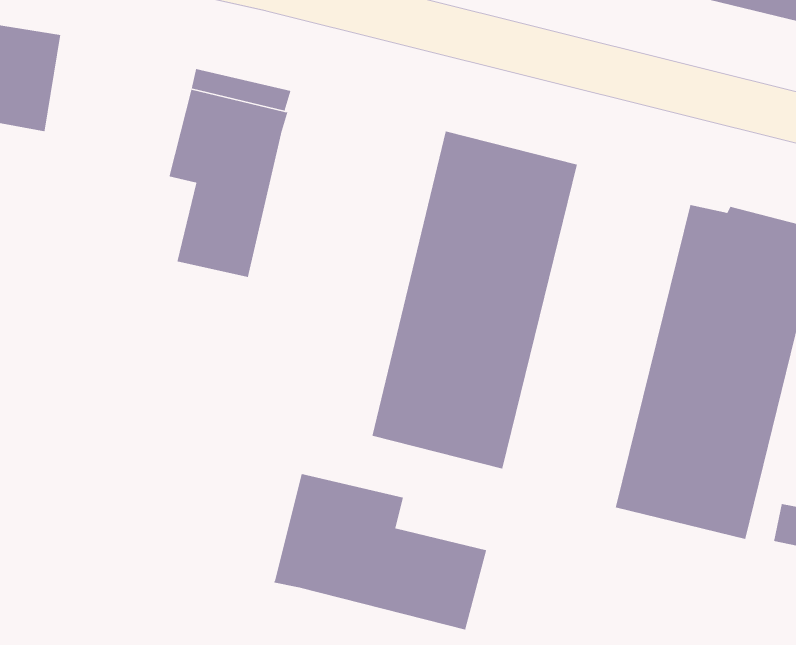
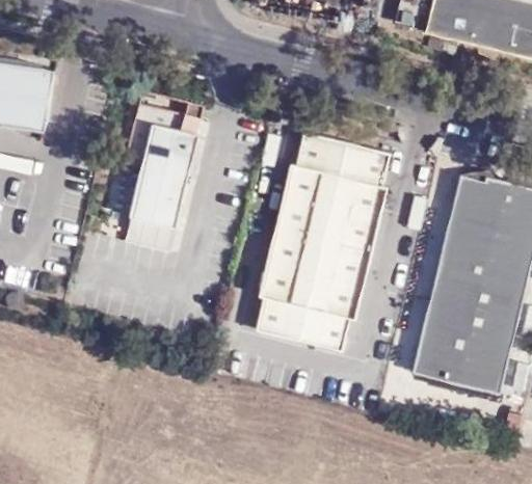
building: none -> [122,215,174,250]
building: [273,473,487,630] -> none

